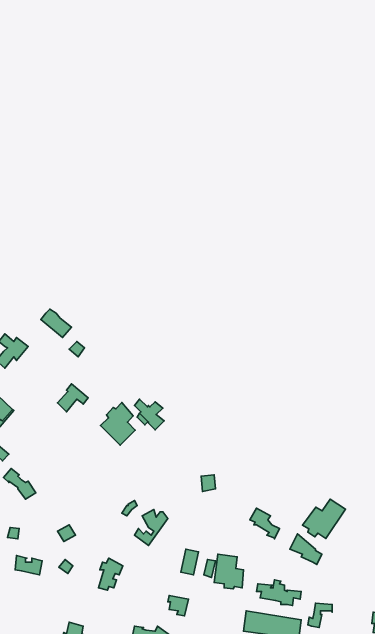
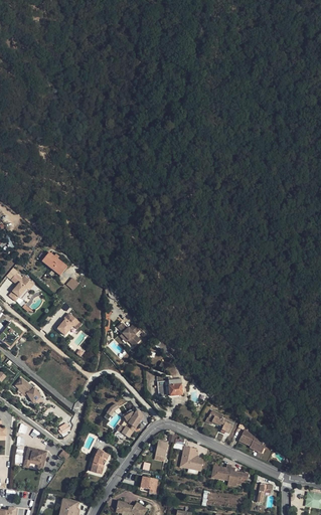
building: [101,403,135,445] -> none
building: [303,499,345,539] -> none

